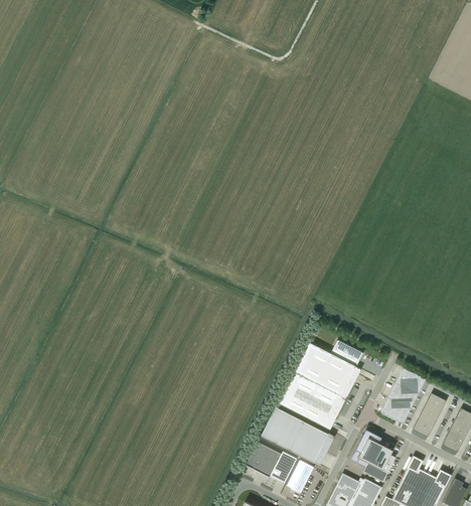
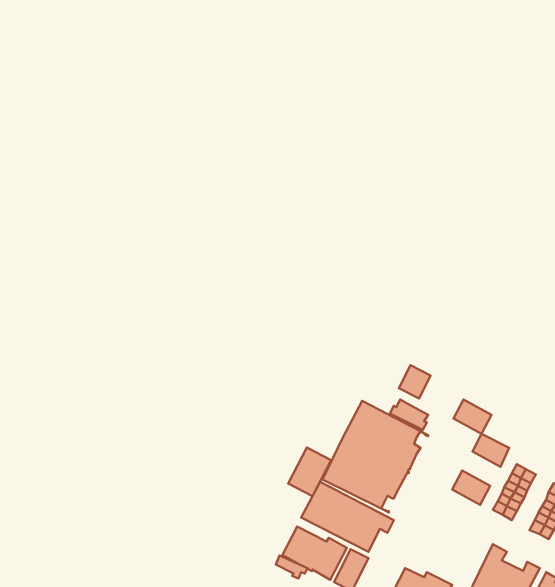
building: none -> [399,365,431,399]
building: none -> [288,447,331,496]
building: [388,383,419,410] -> [453,400,492,434]
building: [351,431,396,483] -> none

